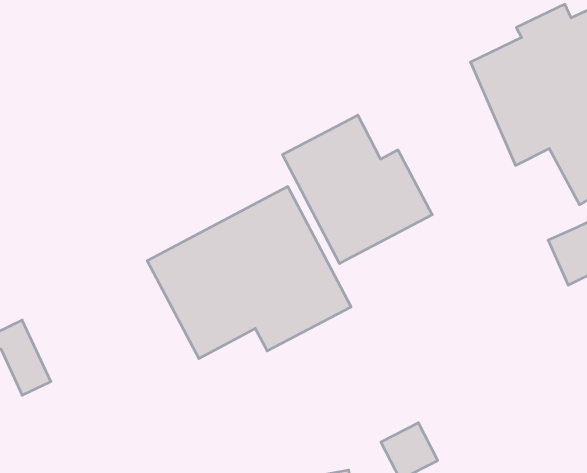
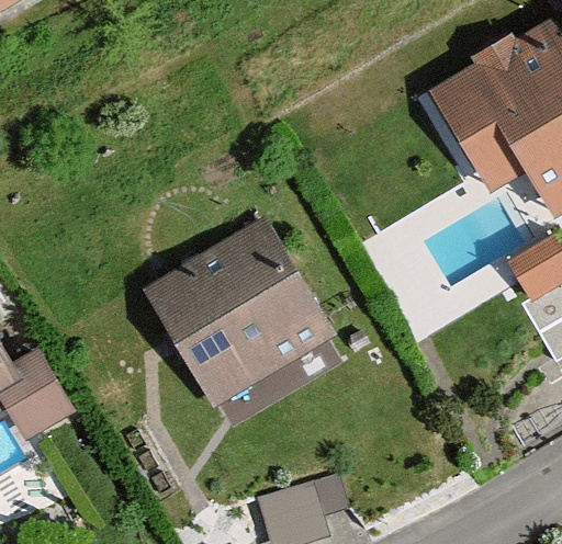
building: [282,115,432,264] -> none

